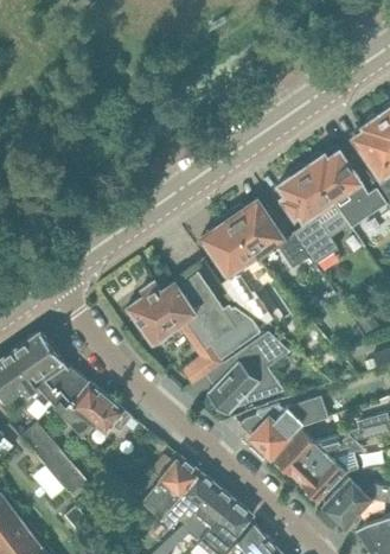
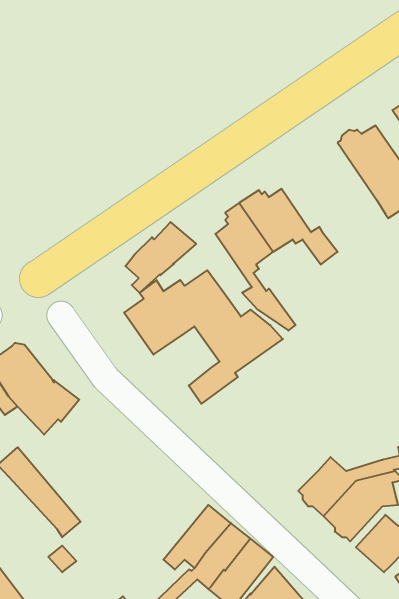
building: [277,165,347,266] -> none
building: none -> [125,222,196,293]
building: [206,331,290,412] -> none
building: [59,382,130,439] -> none
building: [238,396,328,457] -> none
building: [134,454,198,517] -> none

